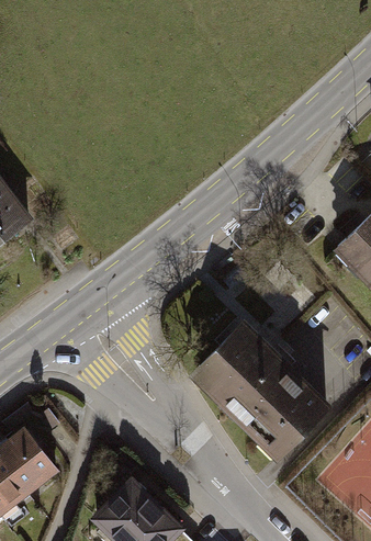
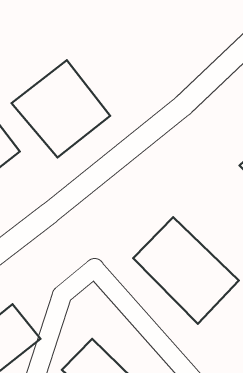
building: none -> [12,60,110,158]

